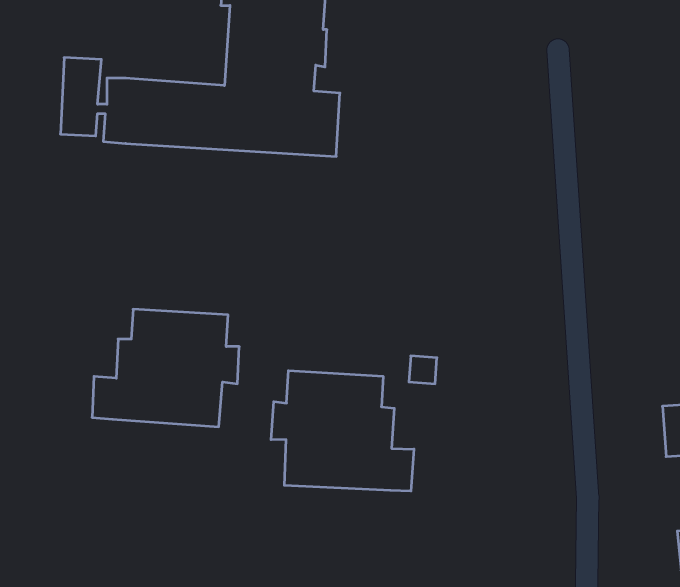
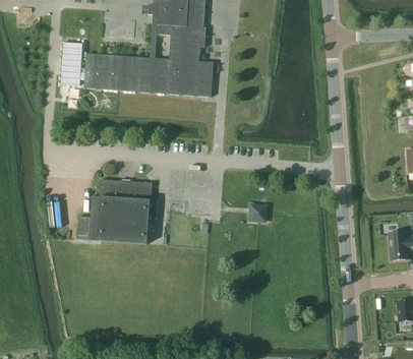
building: [271,371,414,491] -> none

